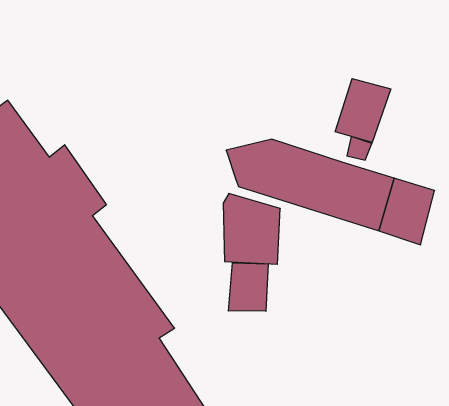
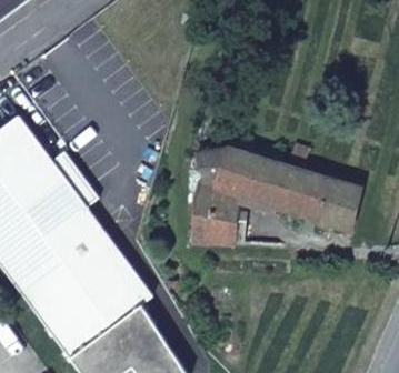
building: [335,79,391,143] -> none
building: [228,263,268,311] -> none

